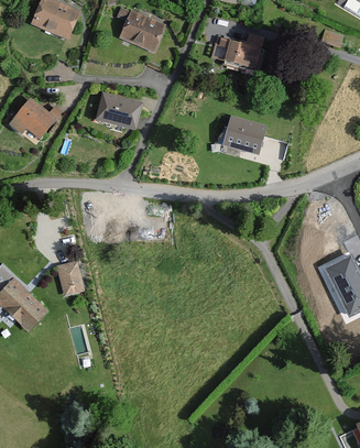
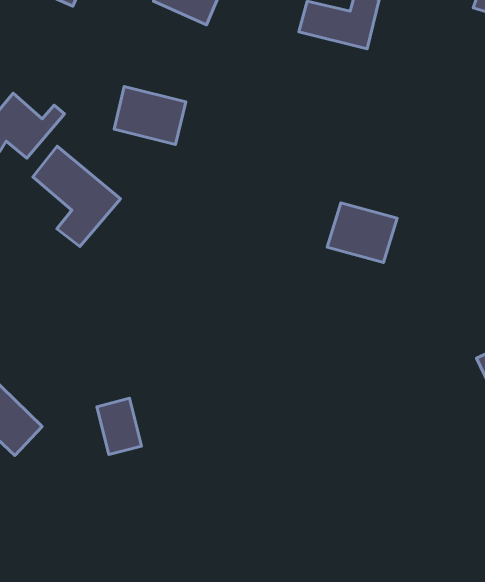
building: [222,116,268,154] -> [327,203,397,263]
building: none -> [33,146,120,247]
building: [57,260,86,296] -> [97,398,141,455]

